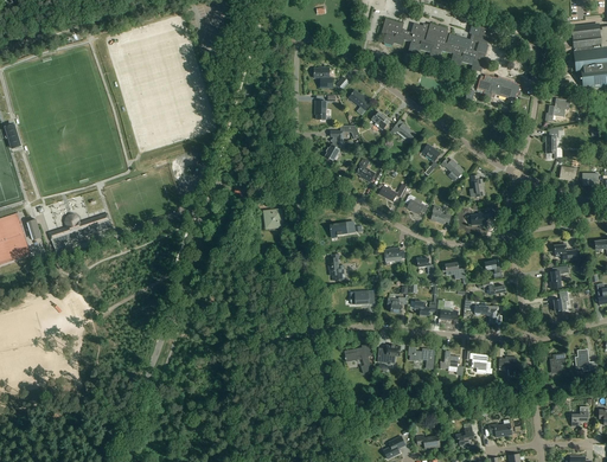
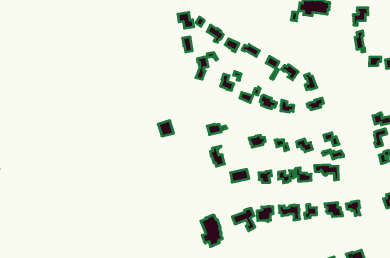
building: [49,213,113,251] -> none
building: none -> [201,215,222,247]

